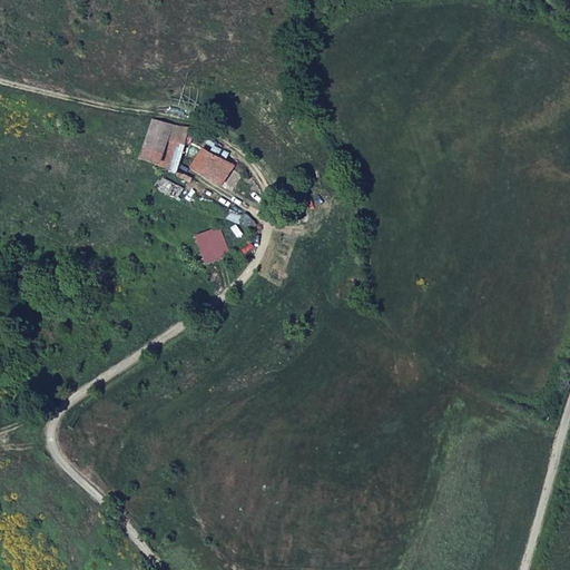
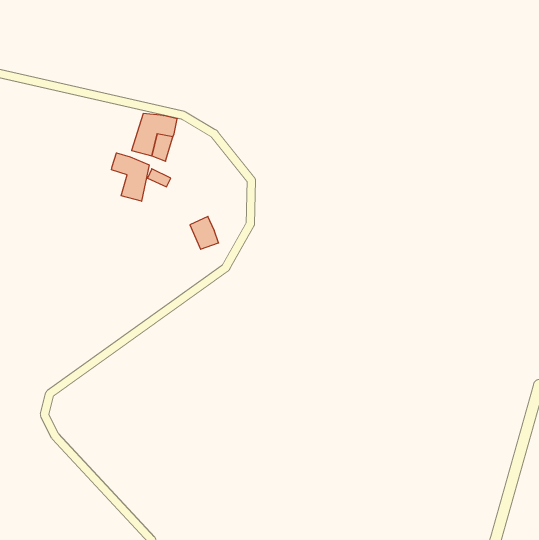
building: [189,148,230,185] -> none
building: none -> [111,153,149,201]

